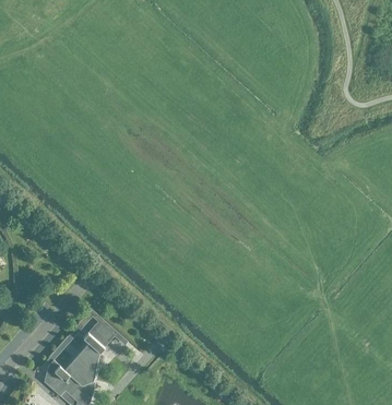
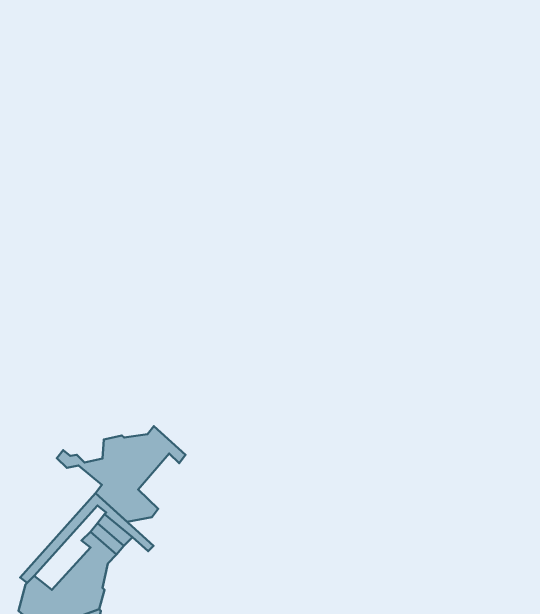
building: none -> [57,426,185,522]

